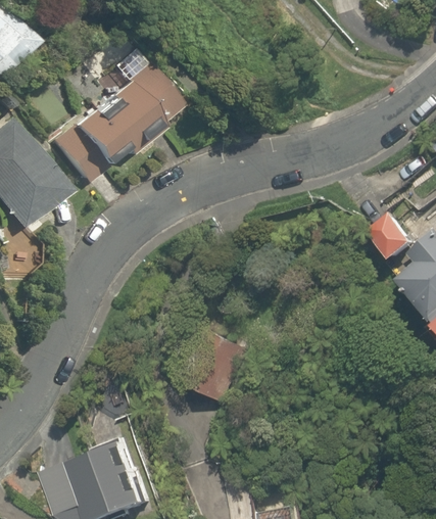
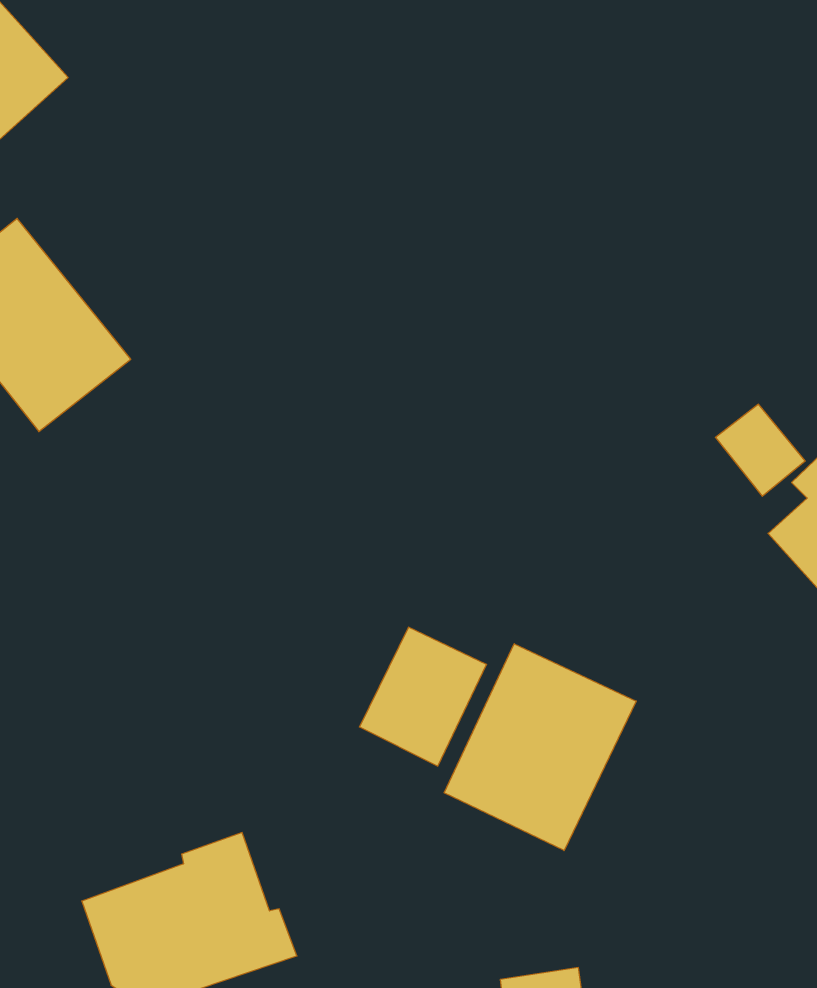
building: [54,48,187,183] -> none
building: none -> [444,644,636,851]

